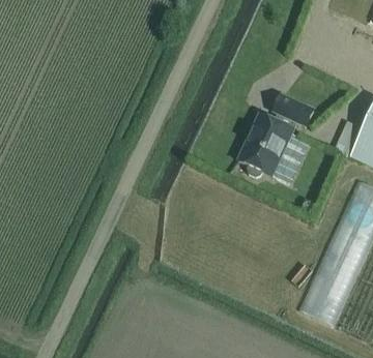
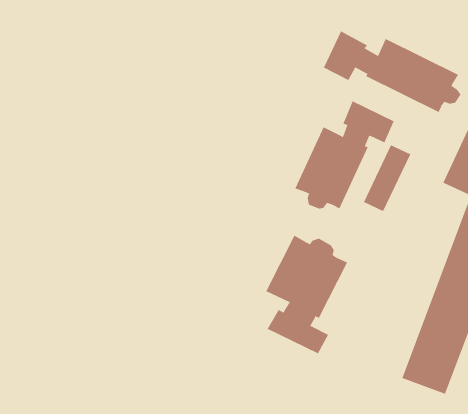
building: none -> [323,31,461,113]
building: none -> [265,235,348,354]

